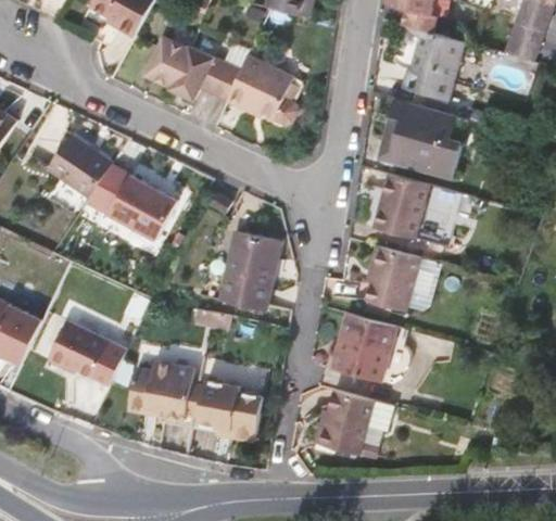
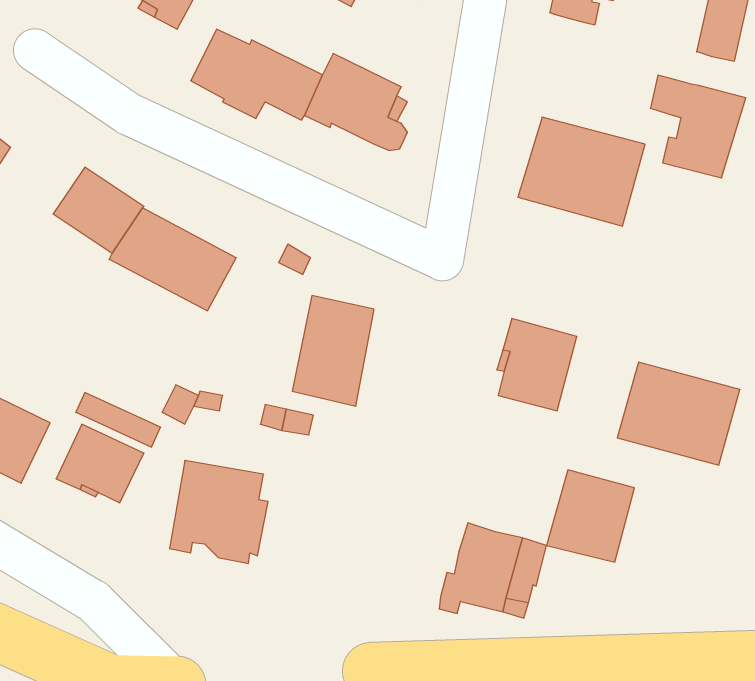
building: [400,27,468,101] -> [650,75,746,178]
building: [372,174,460,247] -> [617,362,740,465]
building: [333,314,396,380] -> [547,470,634,562]
building: [192,361,268,440] -> none

